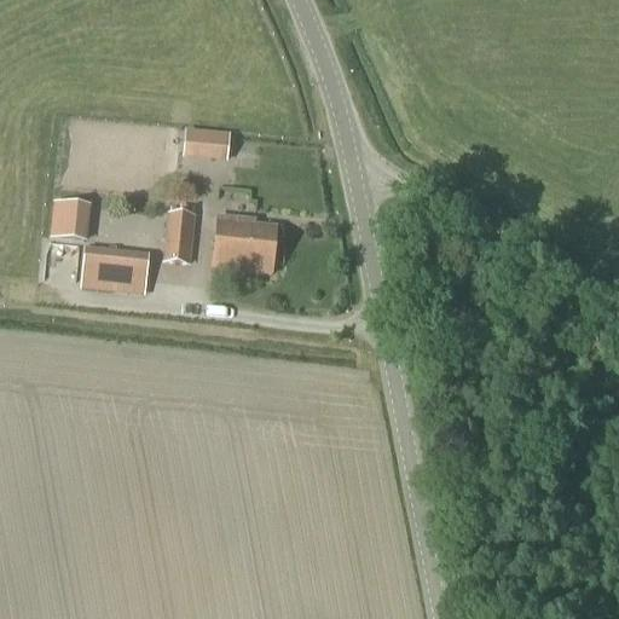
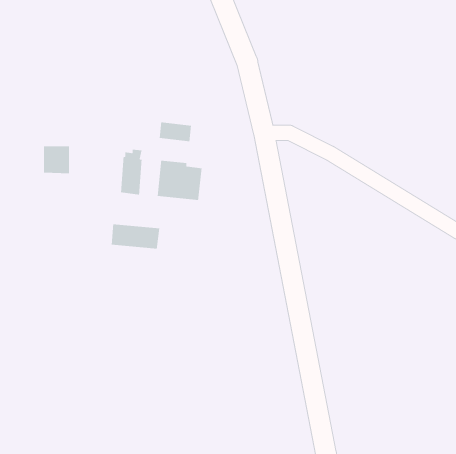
building: [185,129,230,157] -> [159,121,192,142]
building: [82,245,149,280] -> [111,224,160,250]

